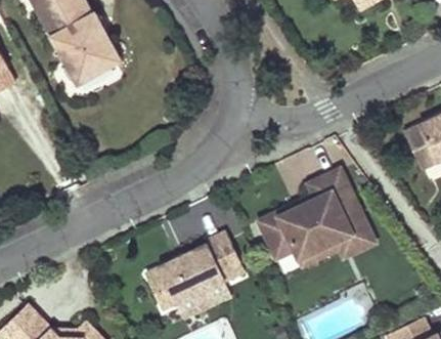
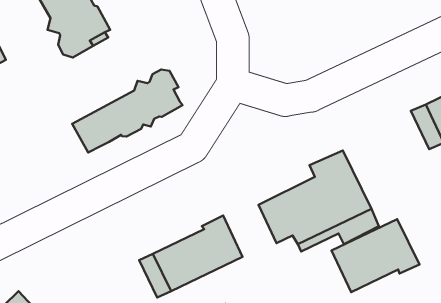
building: none -> [72,69,183,152]
building: none -> [331,219,420,292]

